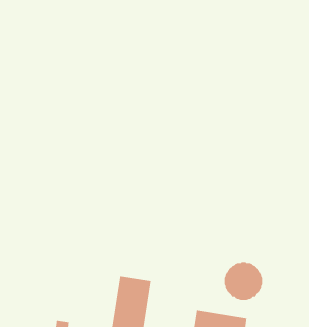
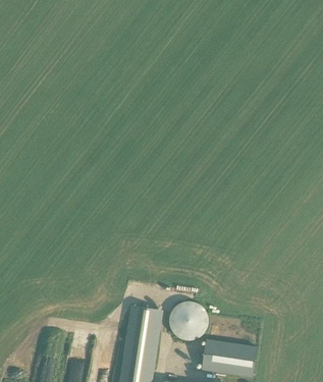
building: [224,261,263,301] -> [169,302,208,340]

